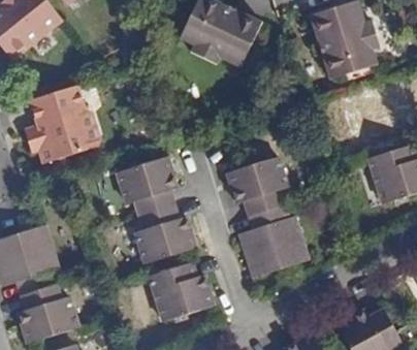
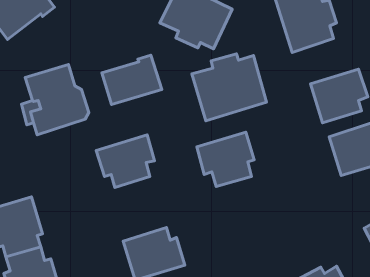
building: none -> [192,54,267,121]
building: none -> [102,55,162,105]
building: [127,209,190,265] -> none
building: [235,209,308,280] -> none

